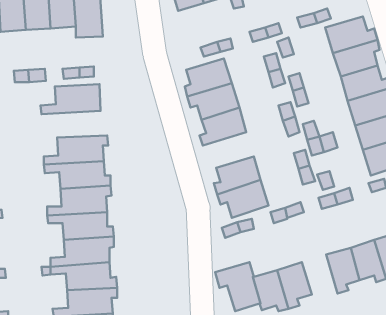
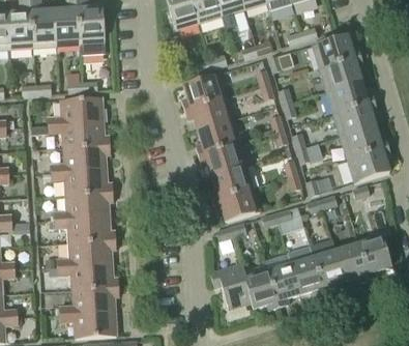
building: none -> [30,122,109,147]
building: none -> [198,142,245,175]
building: none -> [287,246,323,295]

